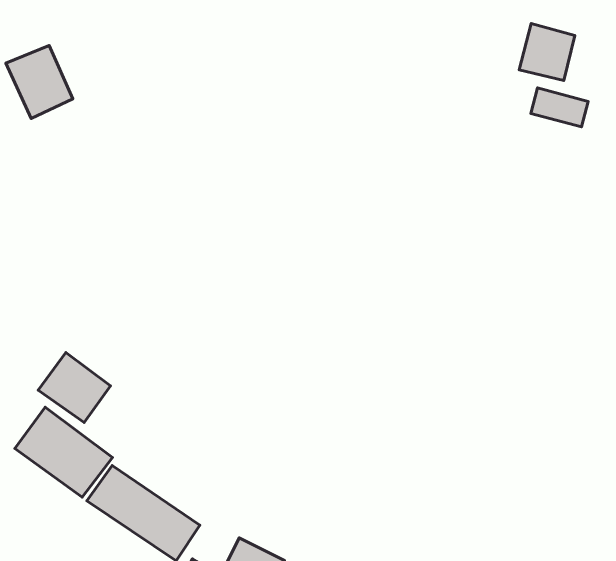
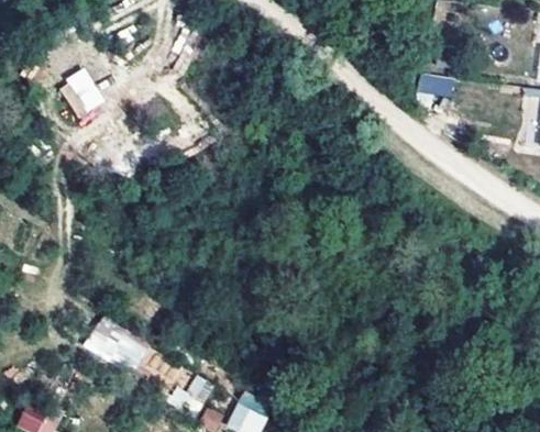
building: [519,24,575,80] -> none
building: [38,352,110,423] -> none

